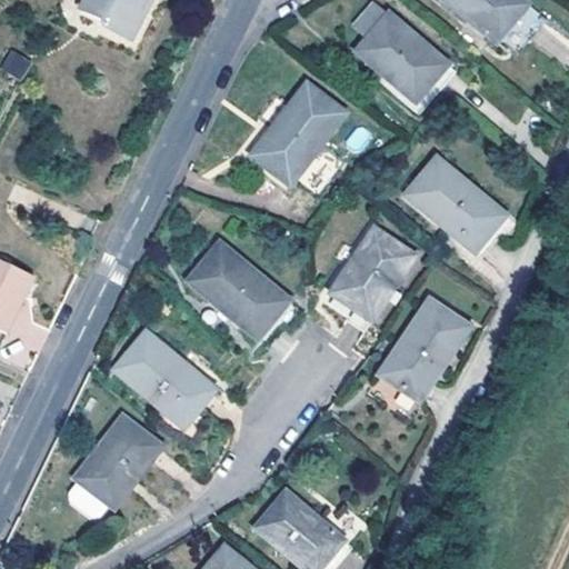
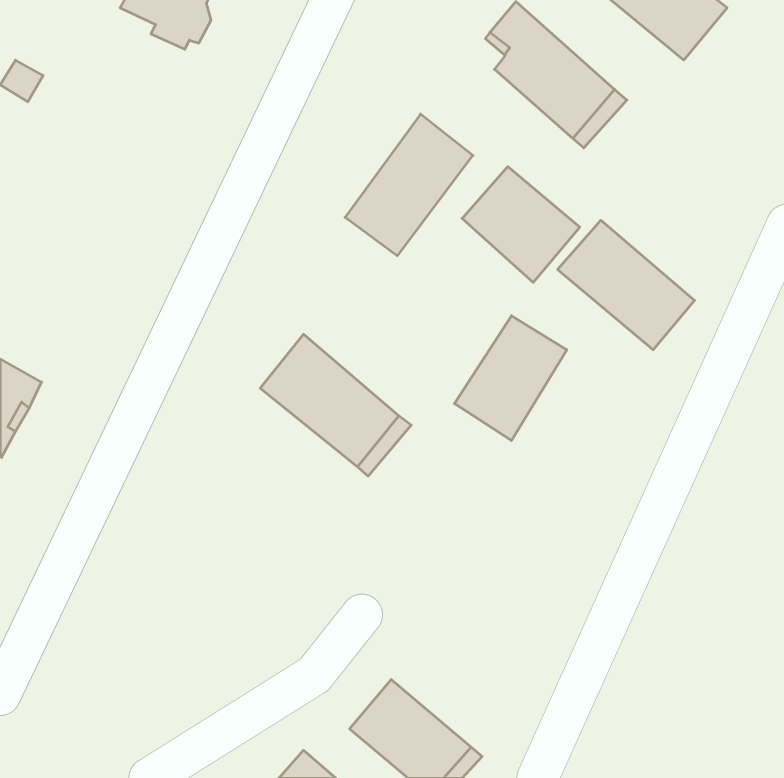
building: none -> [462,167,580,282]
building: [379,300,467,401] -> none
building: [116,331,214,423] -> none
building: [69,415,160,515] -> none

